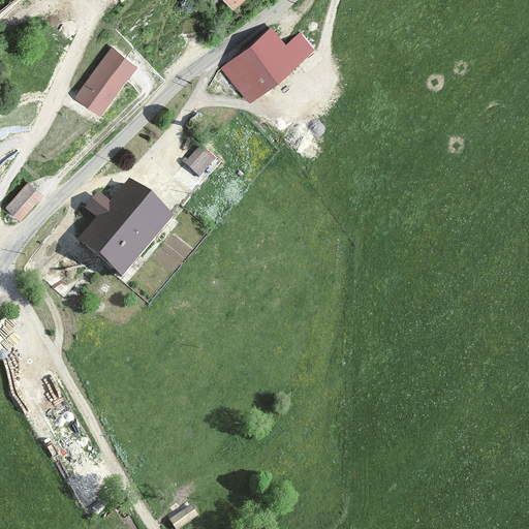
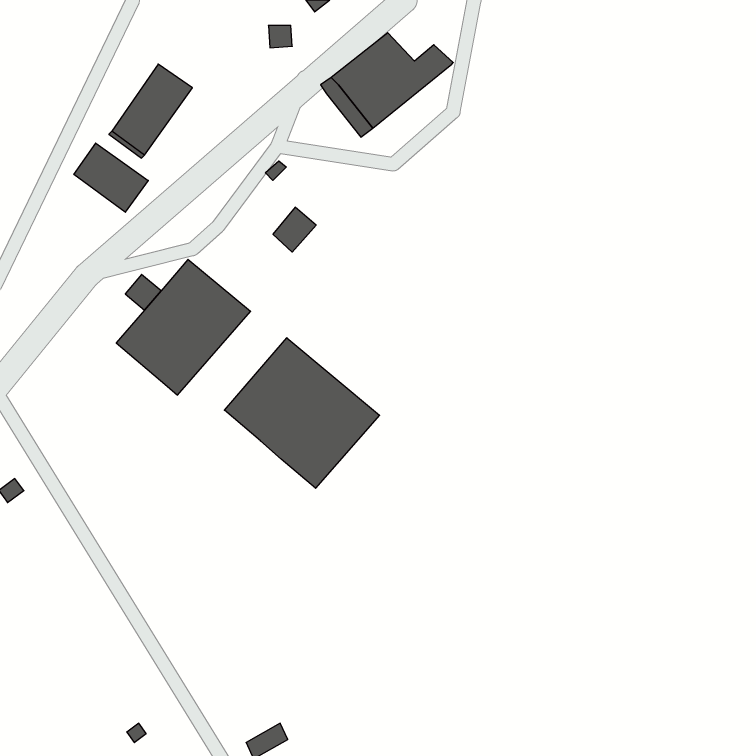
building: none -> [74,143,148,212]
building: [8,186,37,217] -> none
building: none -> [224,338,380,488]

